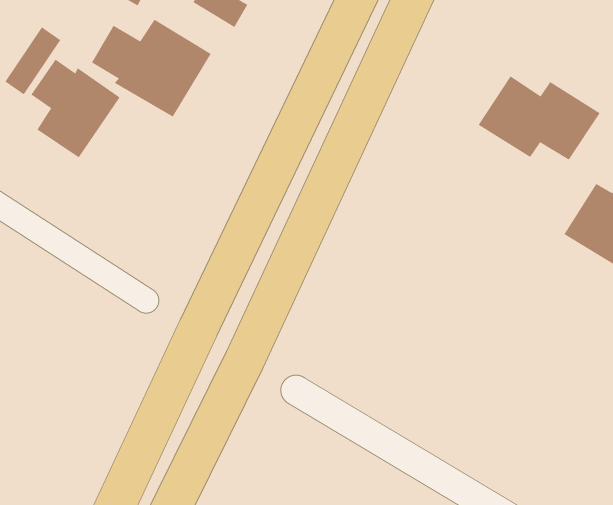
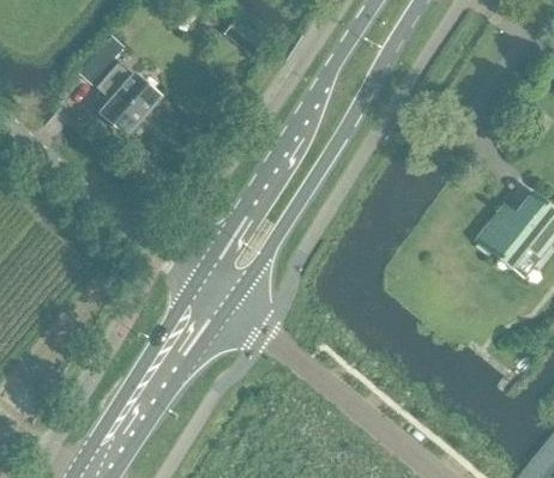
building: [91,19,211,117] -> none
building: [478,75,601,160] -> none

